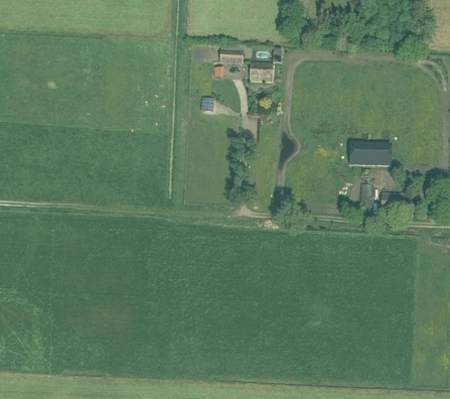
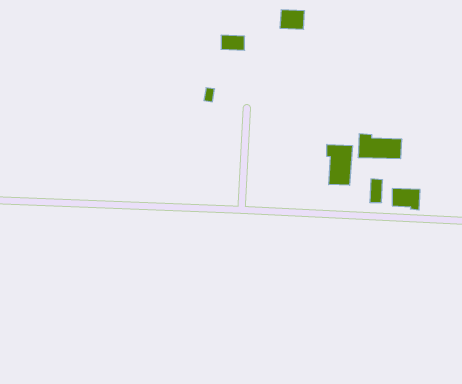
building: [249,60,272,79] -> [280,10,305,29]
building: none -> [327,144,352,185]

